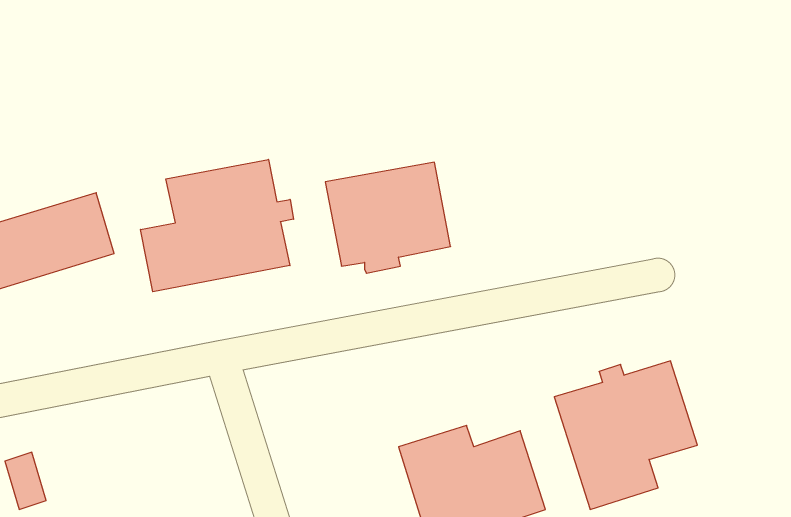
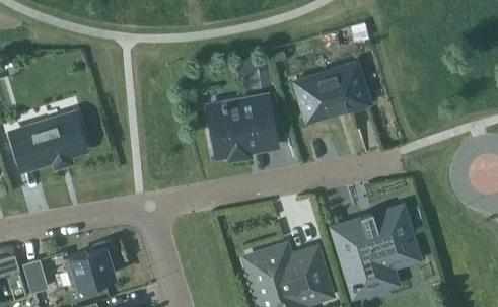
building: none -> [293,62,368,122]
building: [141,159,294,292] -> none
building: none -> [63,241,117,290]

